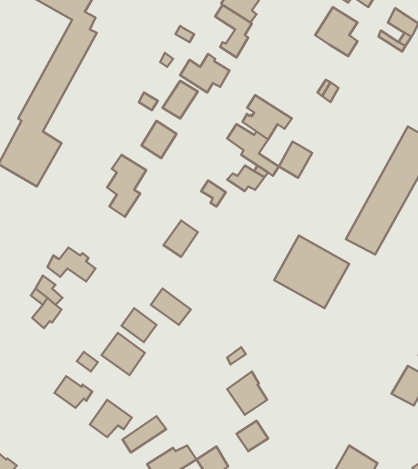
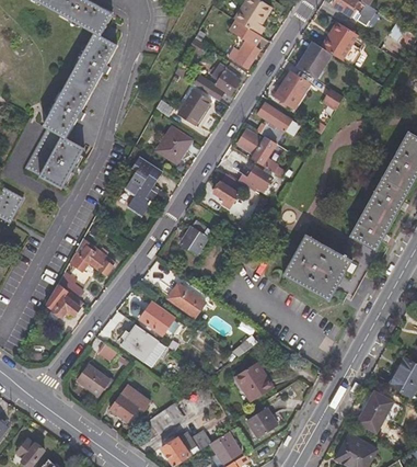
building: none -> [296,41,333,79]
building: none -> [275,70,310,107]
building: [279,141,312,178] -> none
building: none -> [358,388,394,430]

